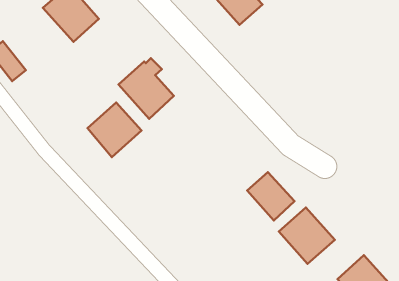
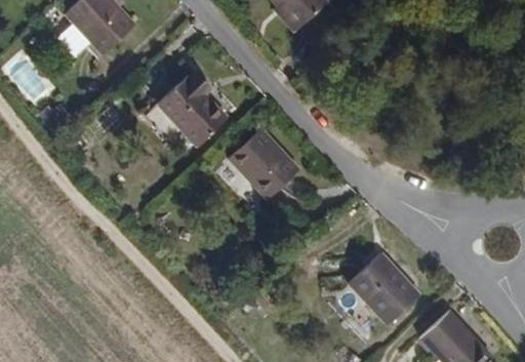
building: [88,102,142,157] -> none
building: none -> [230,128,298,198]
building: [247,172,294,220] -> none

